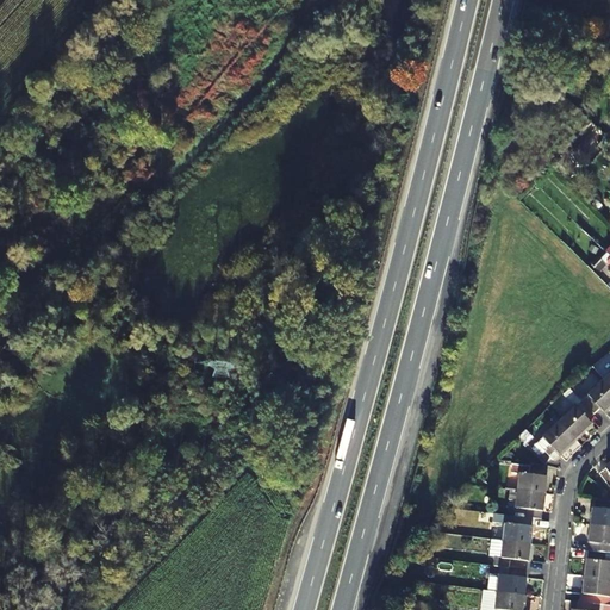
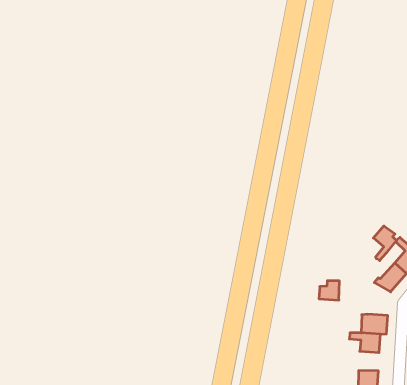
building: none -> [373,226,397,261]
building: [518,466,548,493] -> [319,281,339,300]
building: [490,539,530,568] -> none

